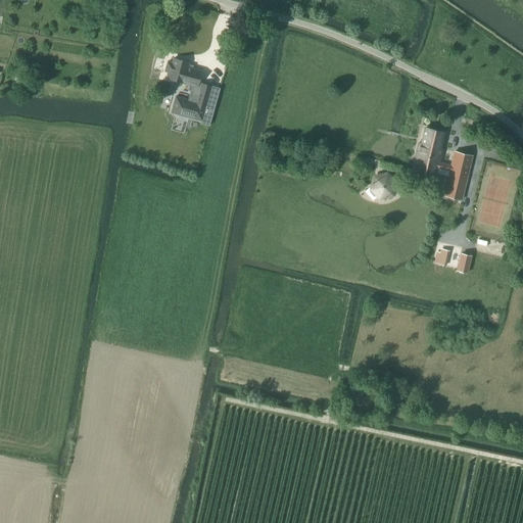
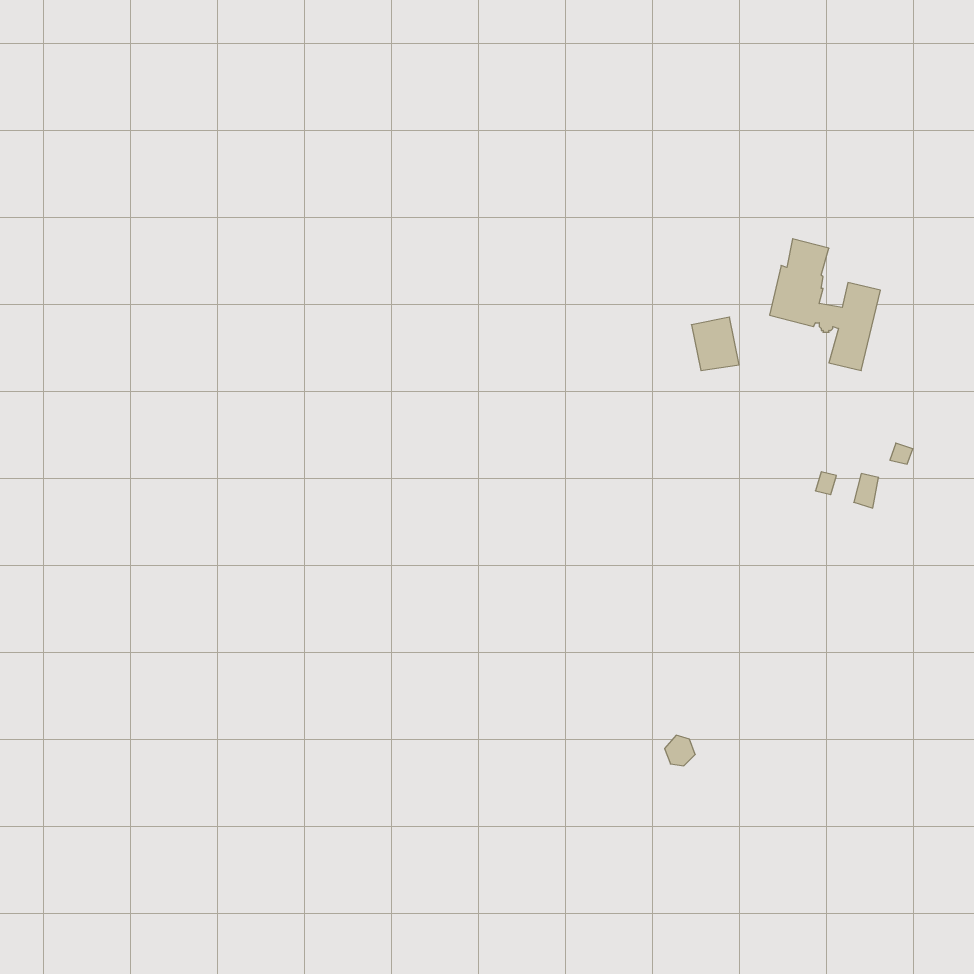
building: [164,58,211,121] -> none

